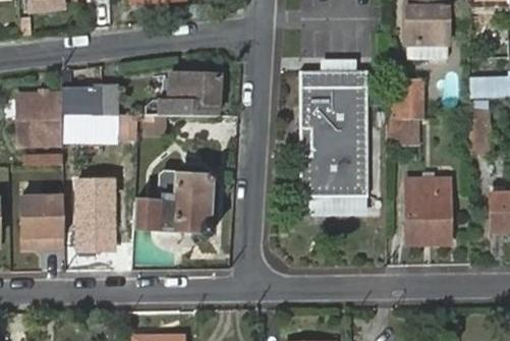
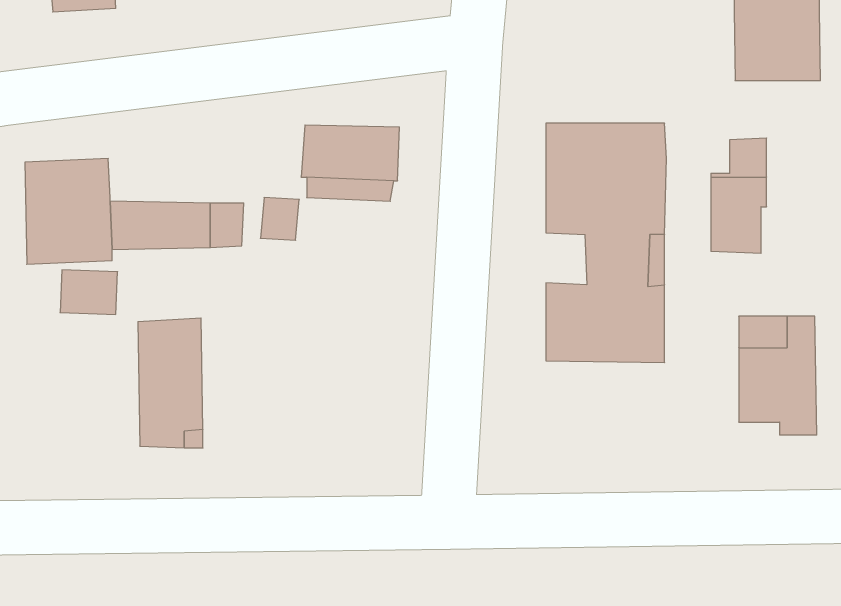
building: [61,84,117,113] -> none
building: [132,175,214,235] -> none
building: [20,192,66,249] -> none

